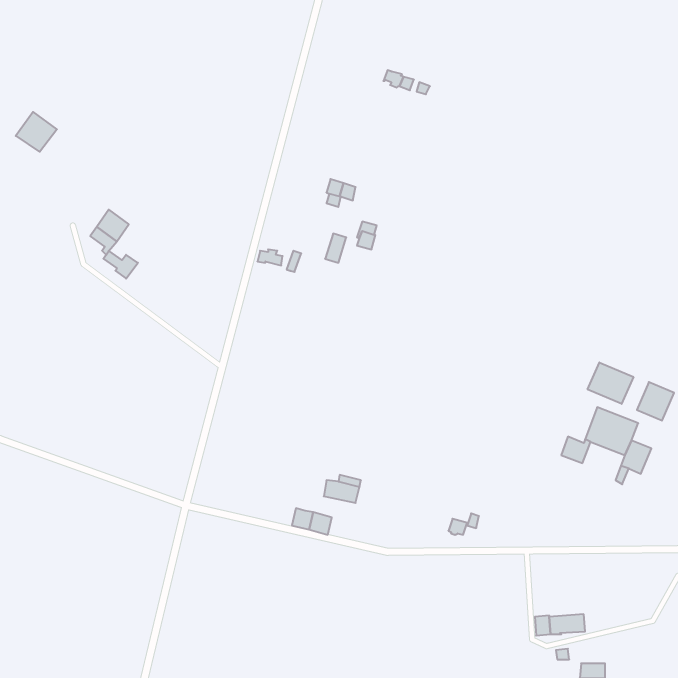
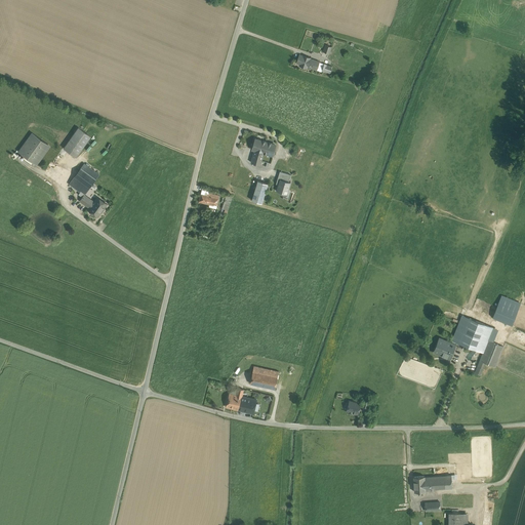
building: [16,112,57,152] -> [18,132,50,163]
building: none -> [64,126,91,156]
building: [588,362,633,404] -> none

